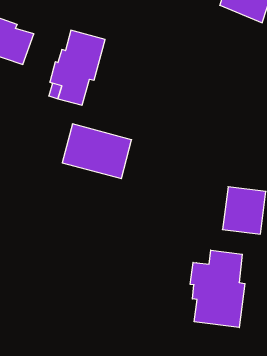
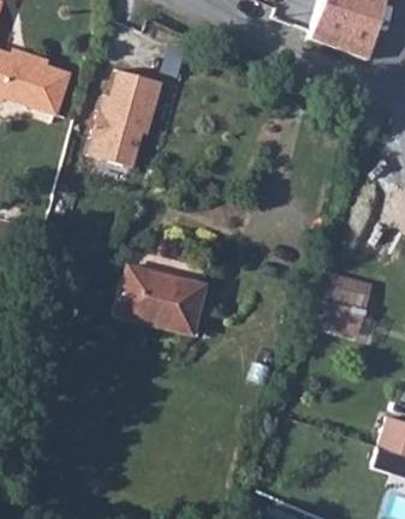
building: [62,124,132,179] -> [113,264,203,335]
building: [190,250,245,328] -> none

